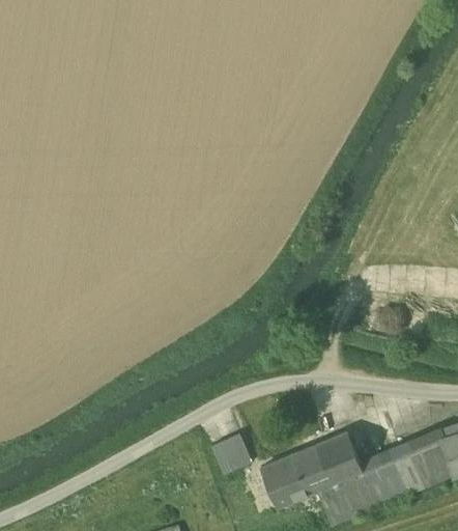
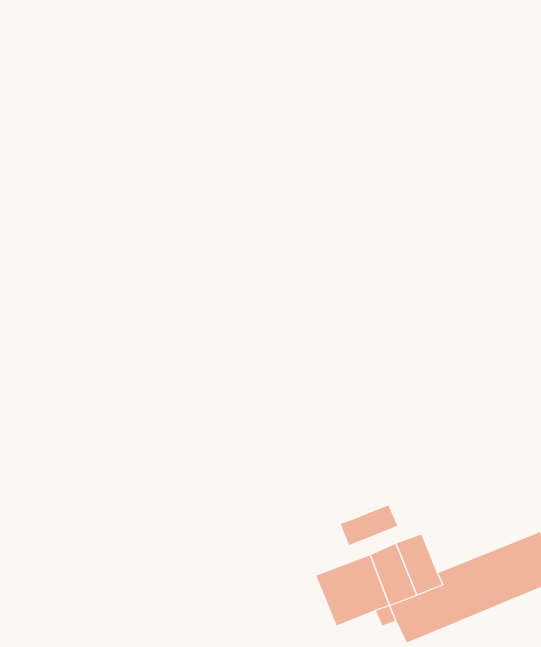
building: none -> [340,505,398,546]
building: [213,432,254,474] -> none

